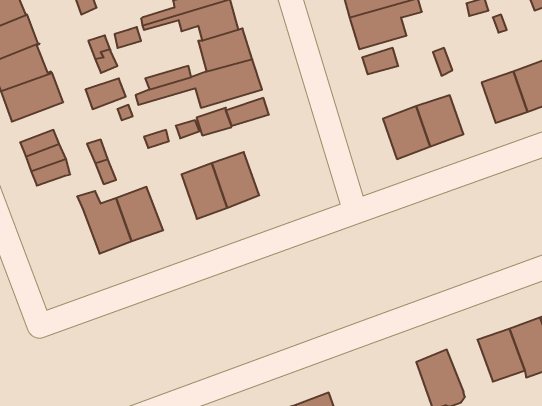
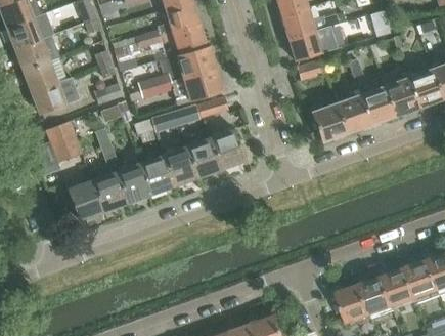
building: none -> [361,86,395,124]
building: none -> [210,128,246,169]
building: none -> [138,154,175,195]
building: none -> [66,179,103,220]
building: none -> [359,276,393,313]

